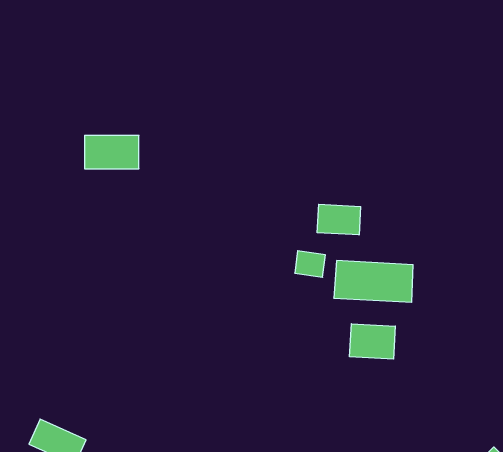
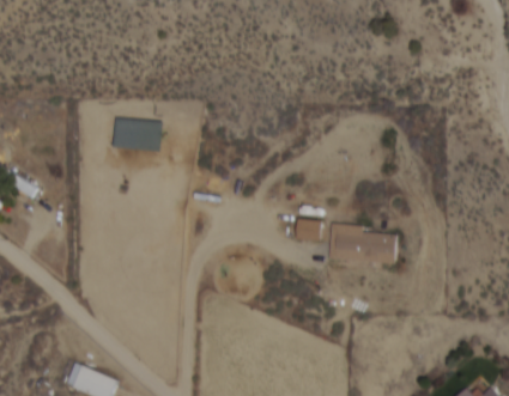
building: [317,204,361,235] -> none
building: [350,324,395,359] -> none

